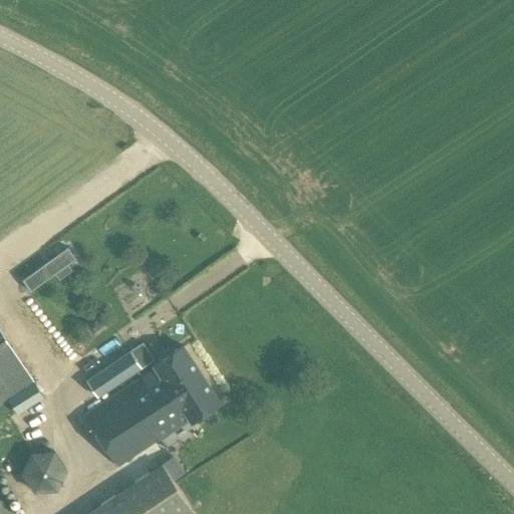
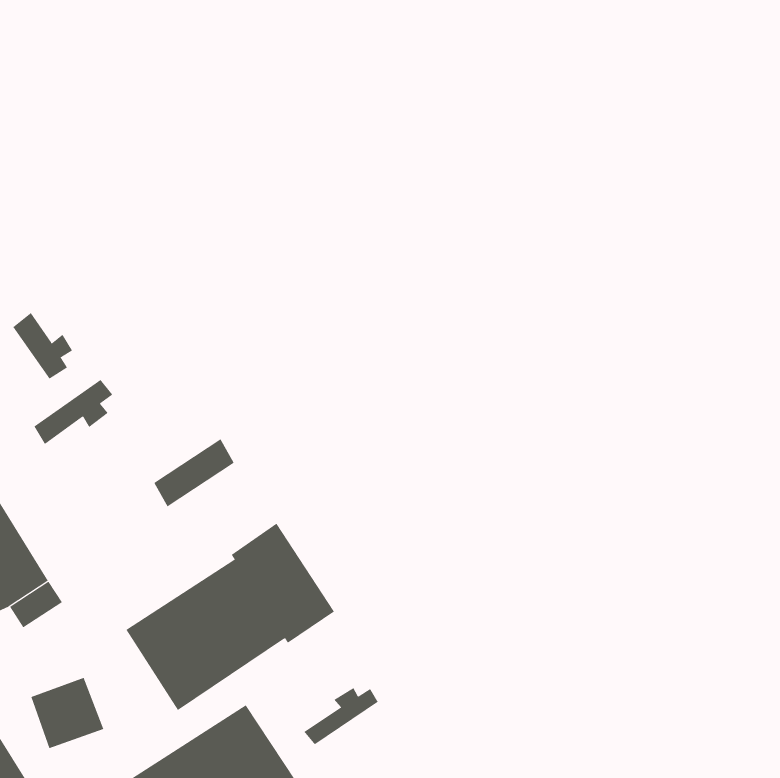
building: none -> [12,312,73,380]
building: [86,353,140,399] -> [153,438,235,507]
building: none -> [304,687,379,745]

